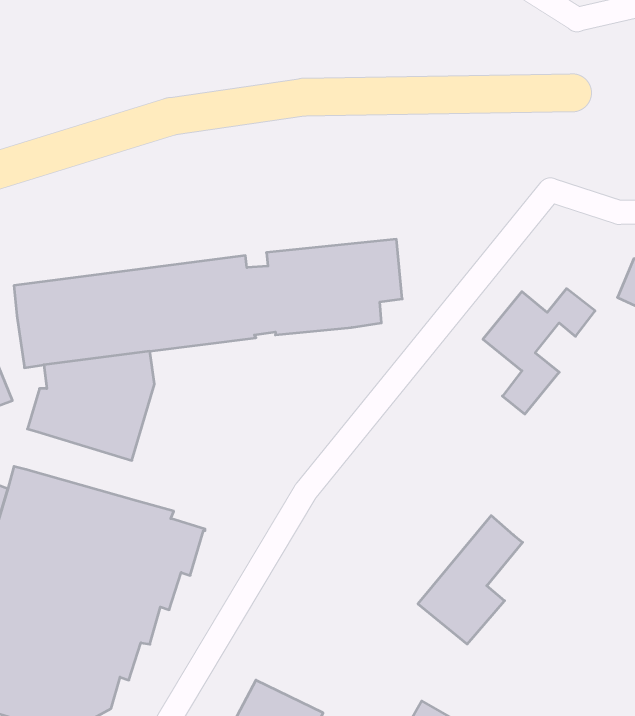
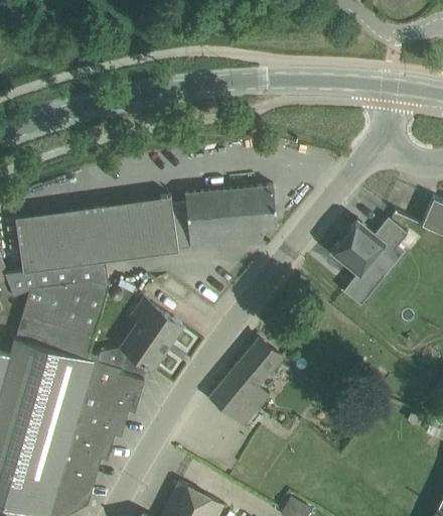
building: none -> [123,300,182,370]
building: none -> [23,316,100,363]
building: [418,516,523,644] -> [210,340,281,426]

